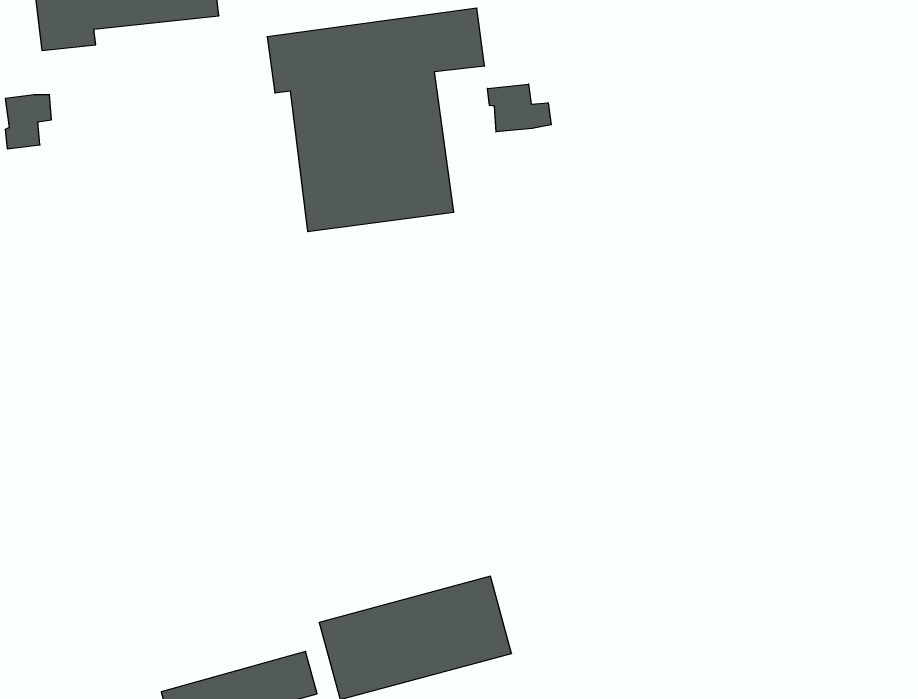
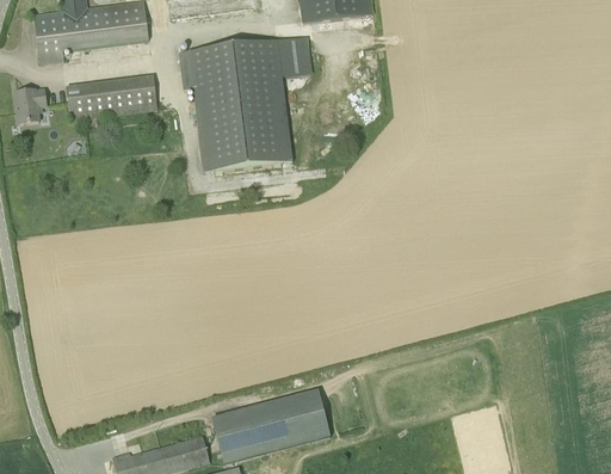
building: none -> [66,74,156,118]
building: [488,84,551,132] -> none

